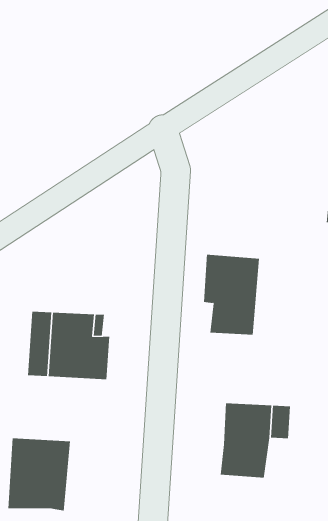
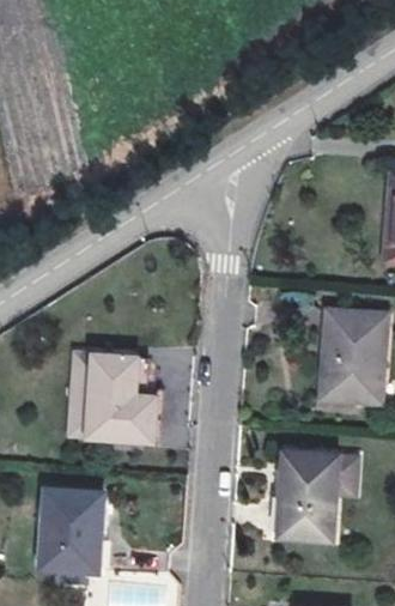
building: [203,254,260,335] -> [322,315,384,404]

